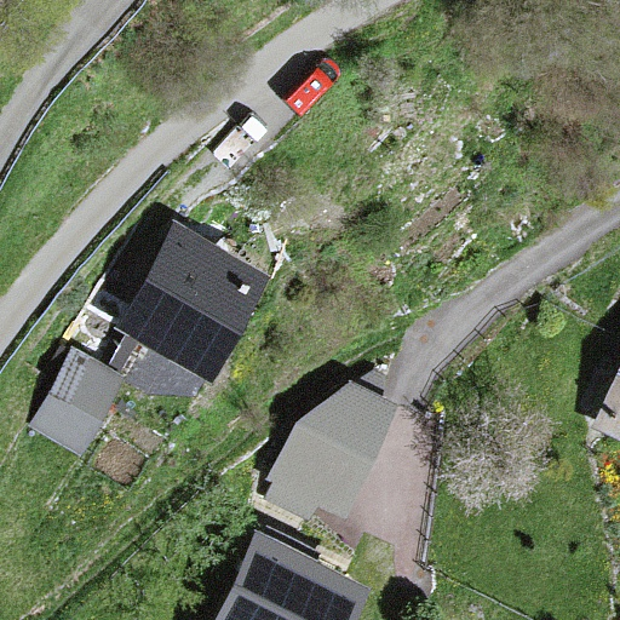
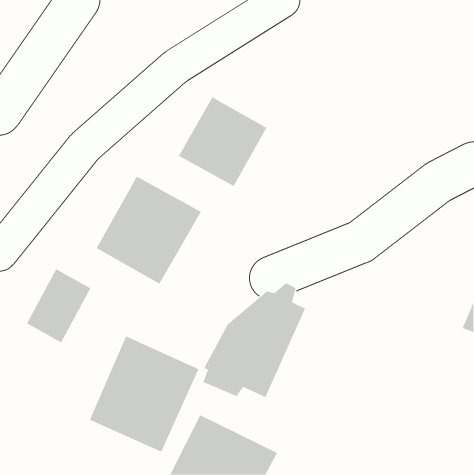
building: none -> [178,96,267,187]
building: none -> [89,336,199,452]

